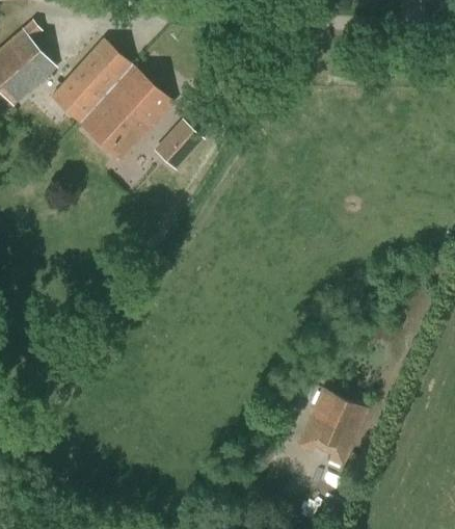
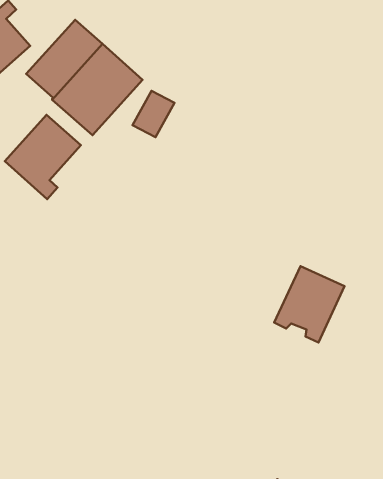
building: none -> [5,115,81,199]
building: [296,388,369,467] -> [274,266,345,342]

